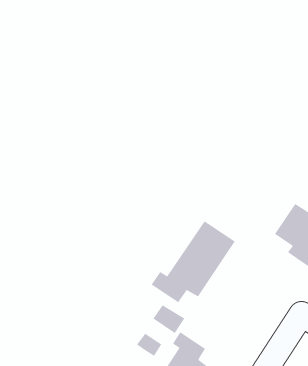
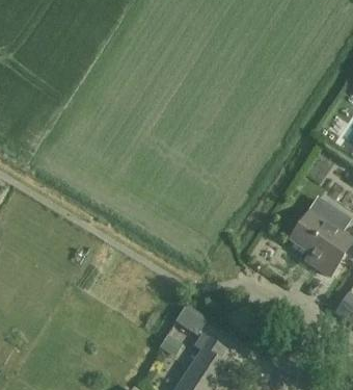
building: [151,221,235,303] -> none

